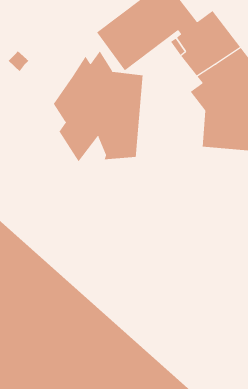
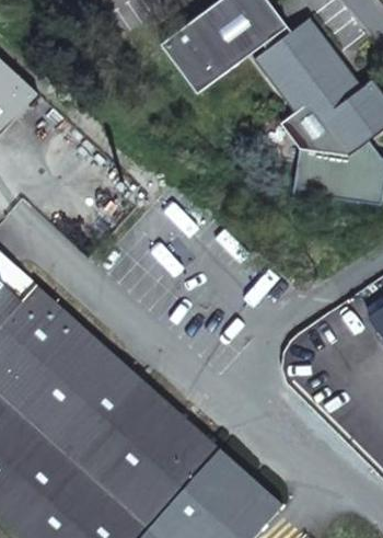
building: [53,51,143,162] -> none

